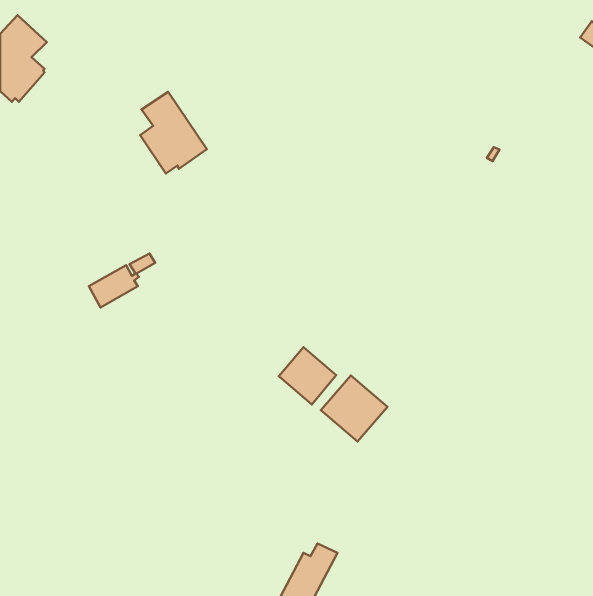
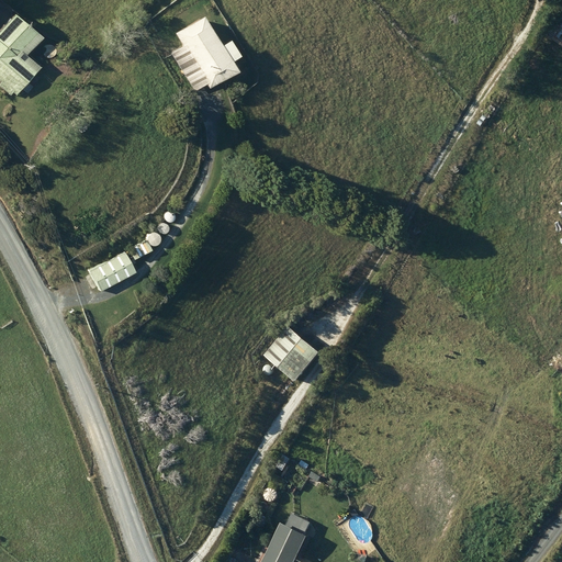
building: [140,92,207,174] -> [169,13,232,90]
building: [321,376,388,441] -> none

